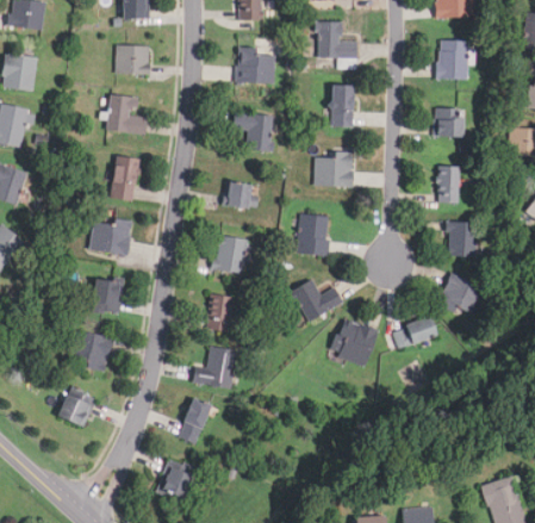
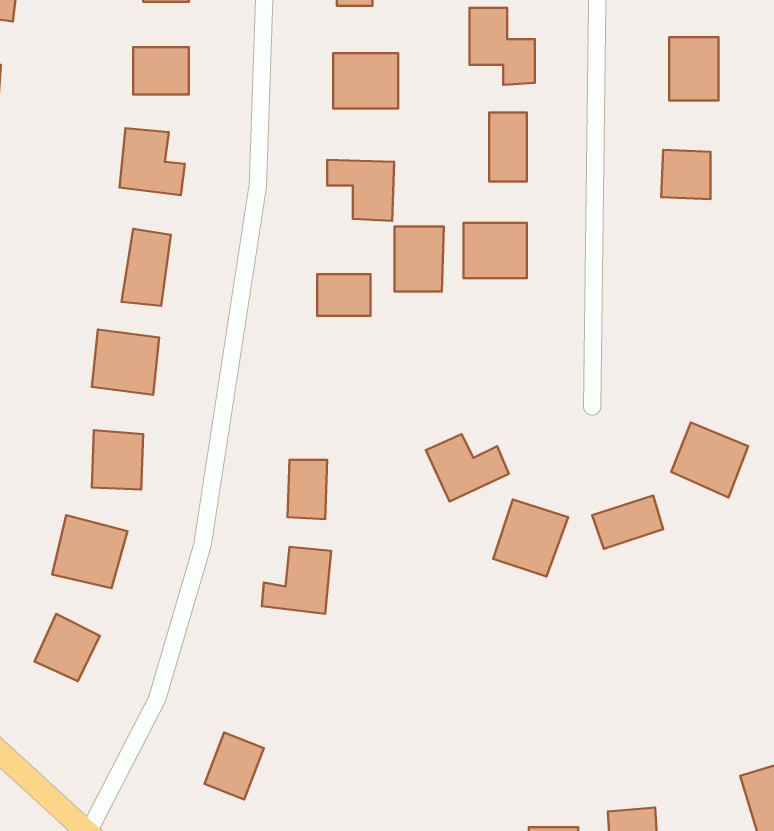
building: [438,166,459,203] -> none
building: [299,214,329,254] -> [394,226,444,292]
building: [447,220,477,256] -> none
building: [217,236,245,270] -> none
building: [178,397,210,443] -> none

